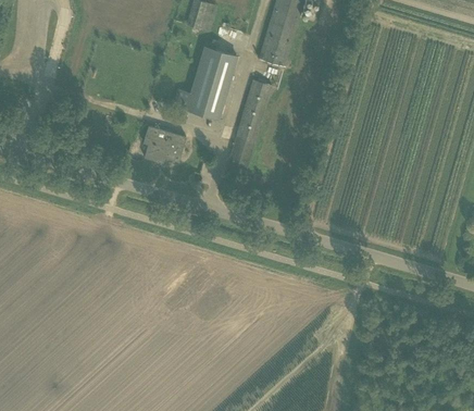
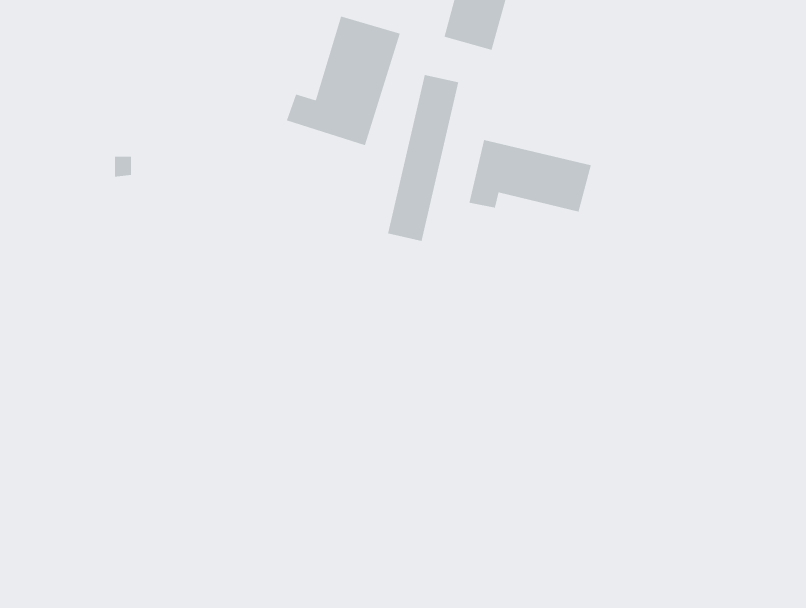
building: none -> [469,139,592,213]
building: [144,126,186,161] -> none

